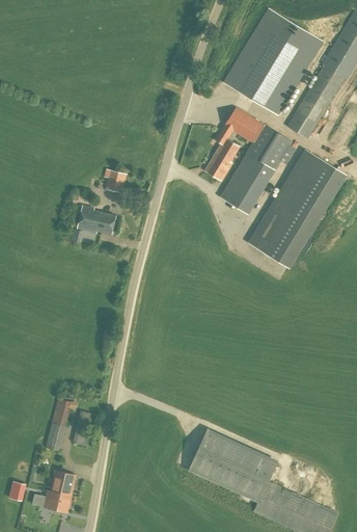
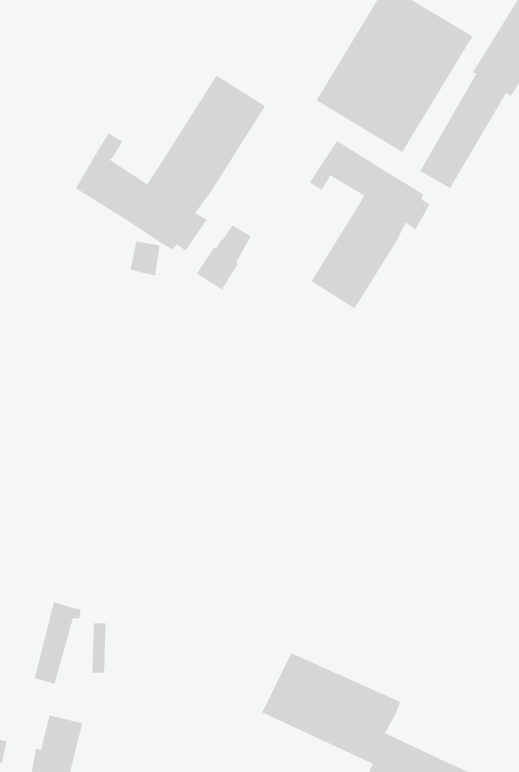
building: none -> [75,75,266,251]
building: [203,139,239,181] -> [196,224,252,290]
building: [248,150,344,267] -> none
building: [76,206,115,234] -> none

